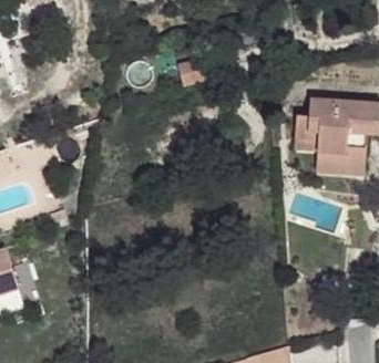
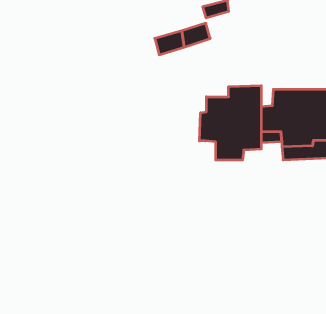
building: none -> [199,86,261,160]

